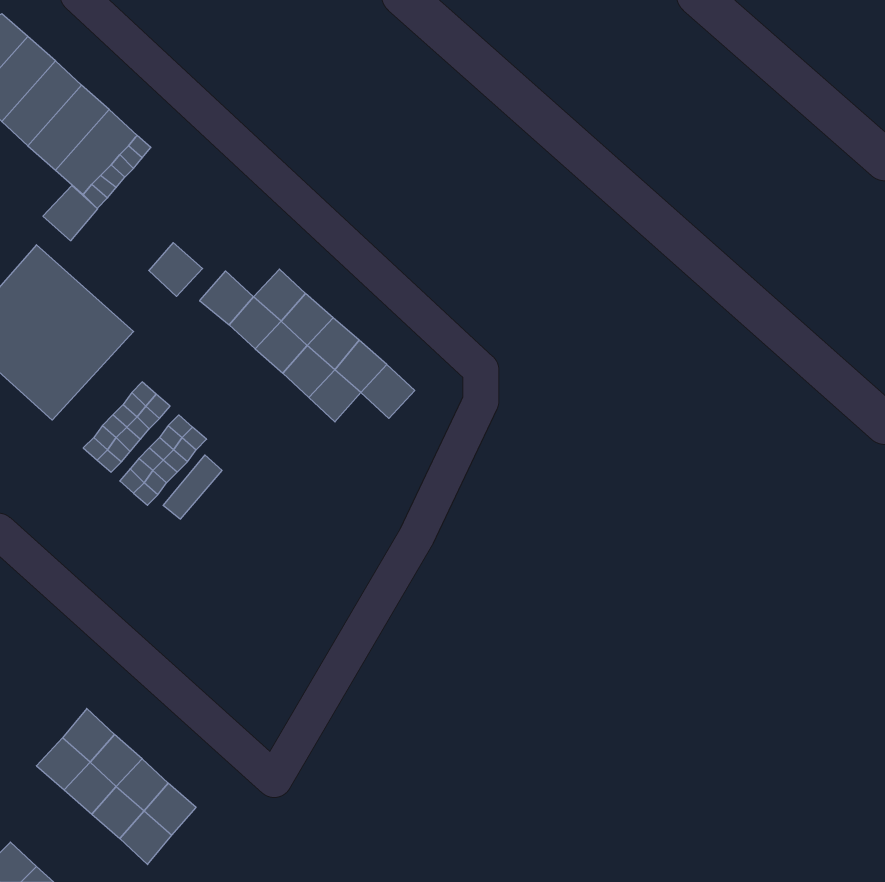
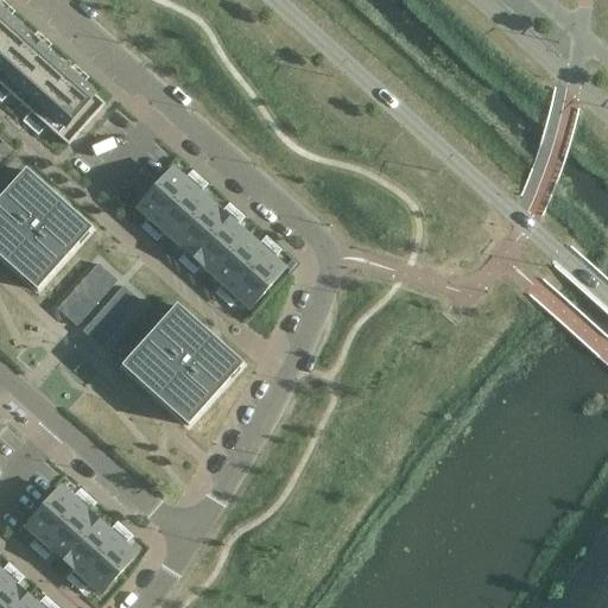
building: [43,186,98,241] -> none
building: [149,243,203,296] -> [154,166,191,203]
building: none -> [229,268,266,306]
building: none -> [121,303,242,423]

